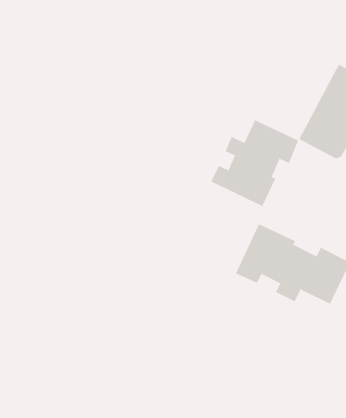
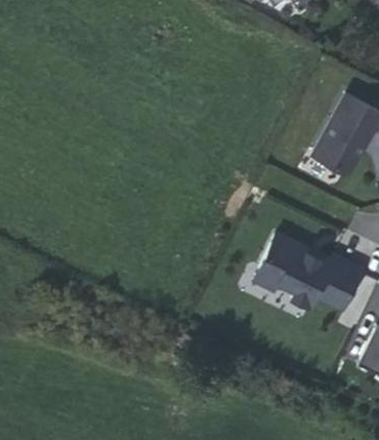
building: [210,119,299,207] -> none

